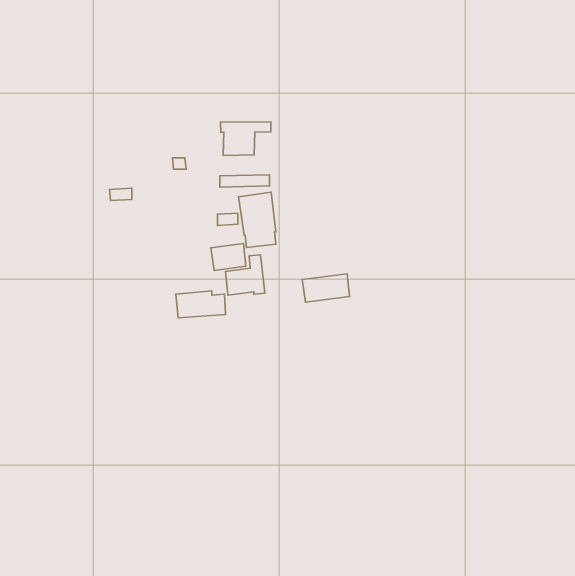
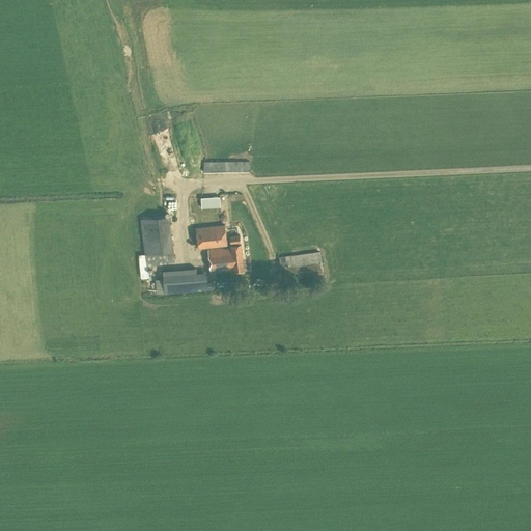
building: [221,122,271,156] -> none
building: [239,192,276,247] -> [139,215,173,266]

